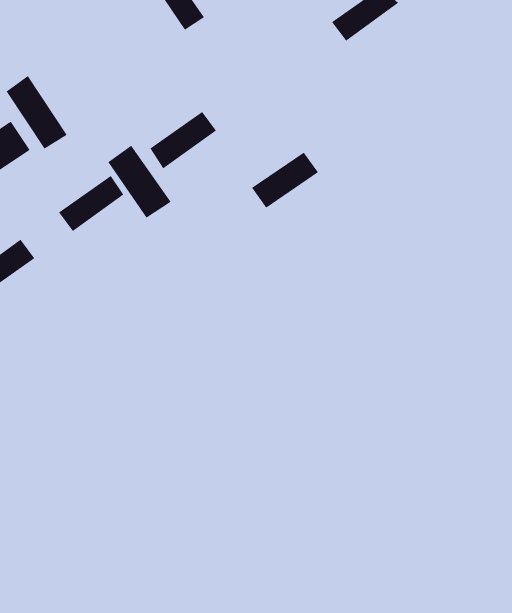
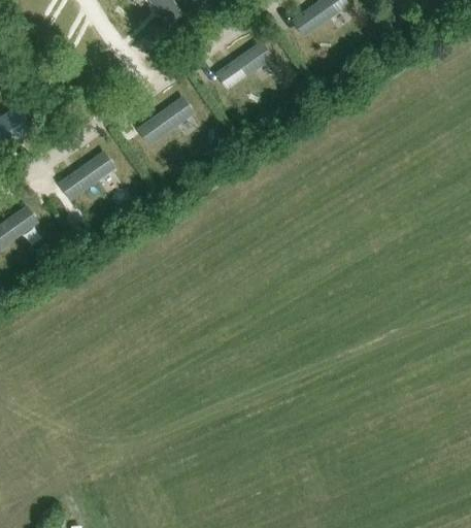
building: [6,75,67,149] -> none
building: [108,145,171,219] -> none
building: [251,152,319,208] -> [216,40,274,89]

